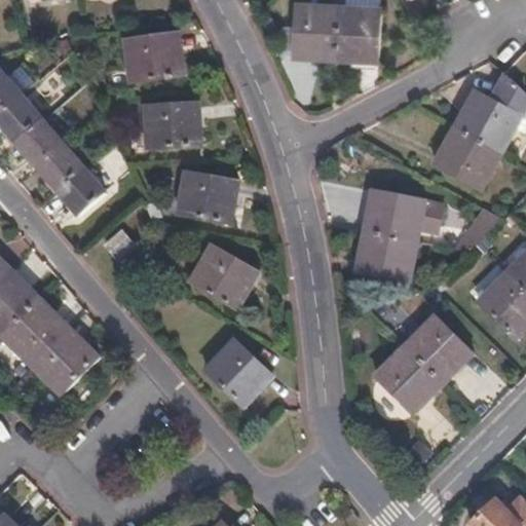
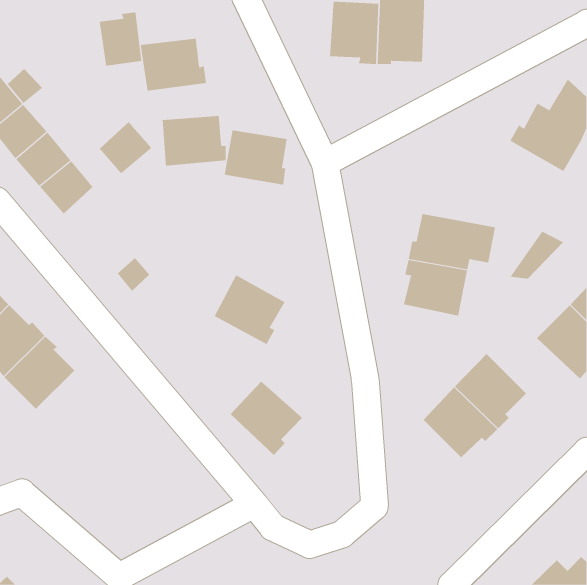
building: none -> [99,11,142,66]
building: [438,125,501,188] -> none
building: [57,166,104,214] -> [99,121,152,174]
building: [178,173,234,222] -> [224,130,287,185]
building: [32,330,98,393] -> none

